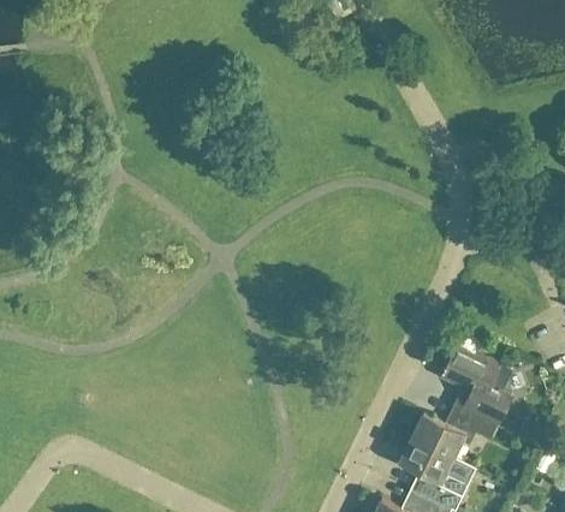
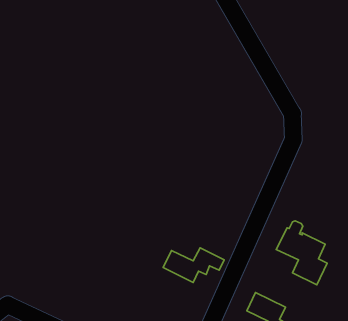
building: [412,409,498,457] -> [163,248,224,282]

